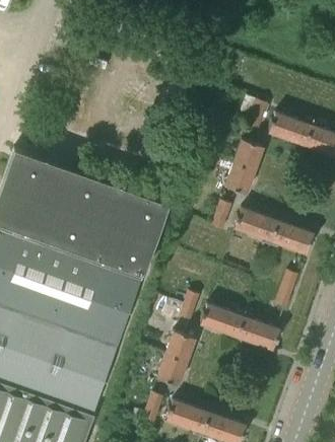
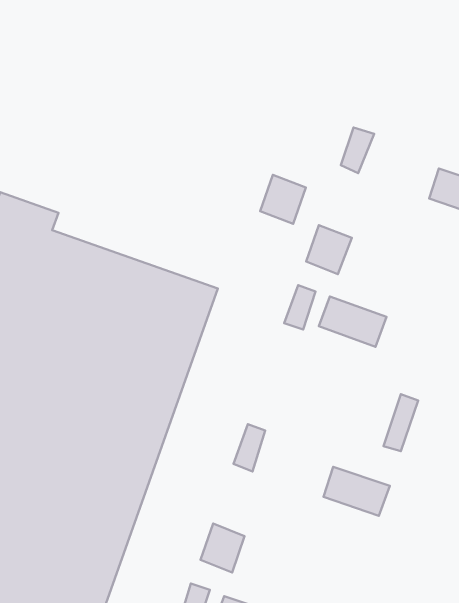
building: [268,112,311,144] -> none
building: [233,138,263,169] -> [260,175,306,224]
building: [270,220,314,252] -> none
building: [200,303,243,336] -> none
building: [165,329,195,361] -> none

